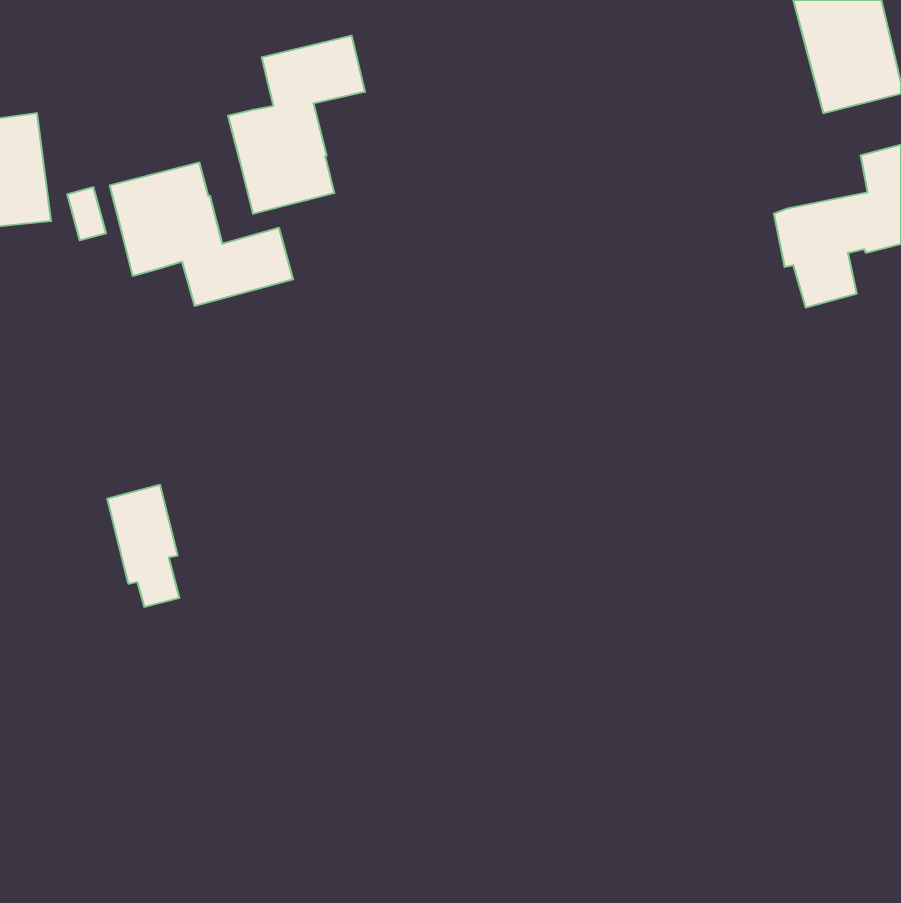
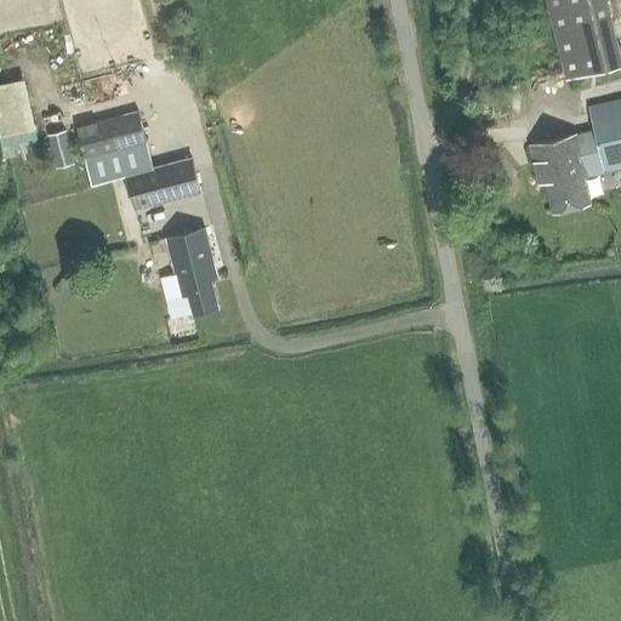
building: [228,36,365,214] -> none
building: [107,485,179,607] -> [167,229,217,313]

